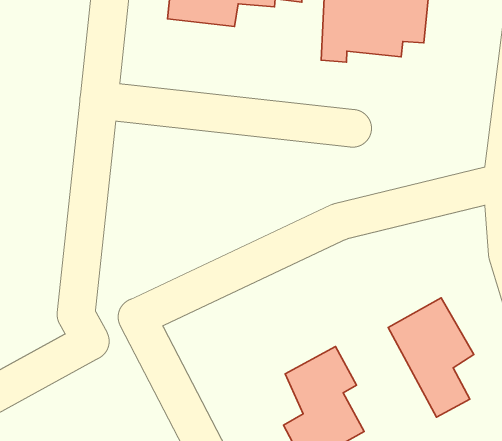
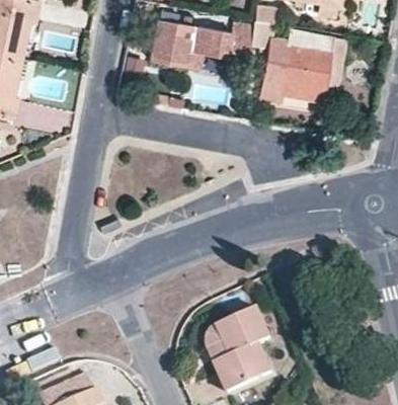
building: [388,298,474,417] -> none

